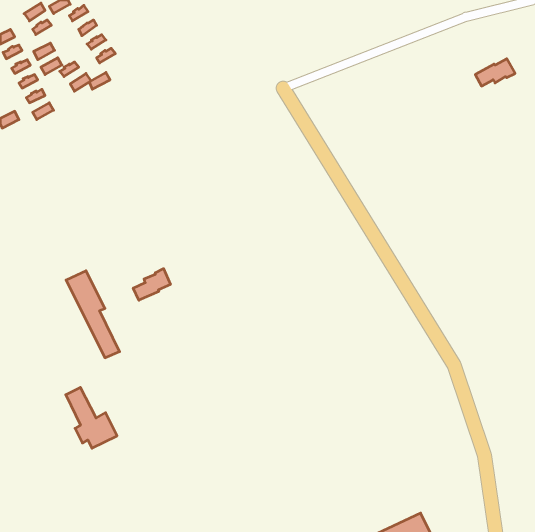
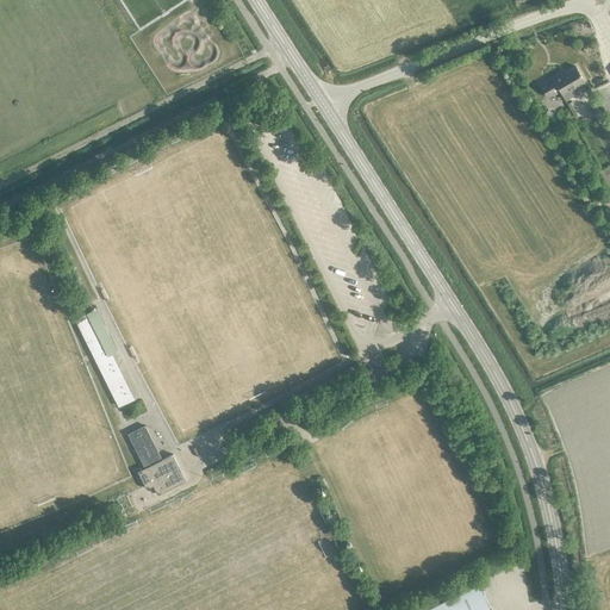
building: [133,269,170,300] -> none
building: [66,387,117,448] -> [129,430,187,499]

